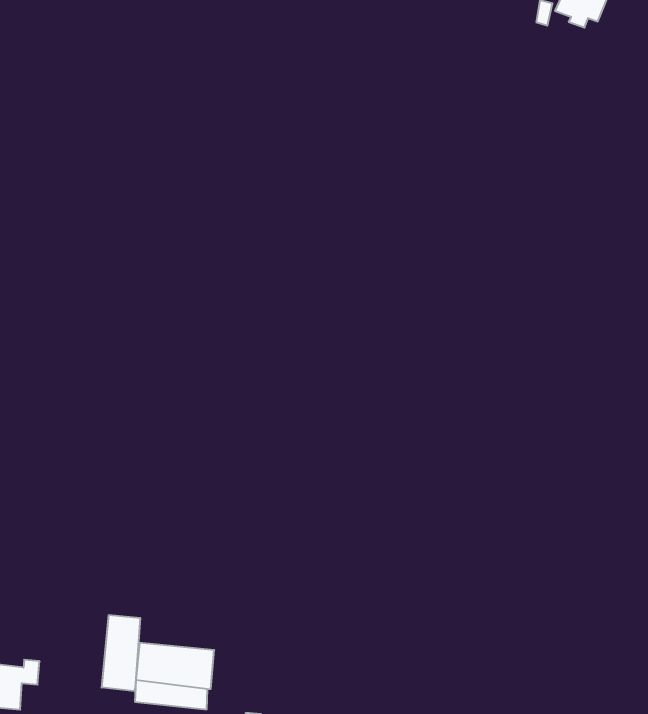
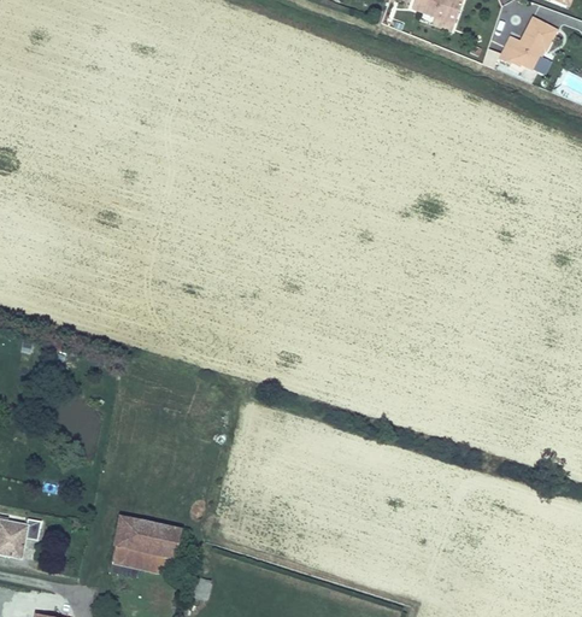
building: [102,615,140,691] -> none

